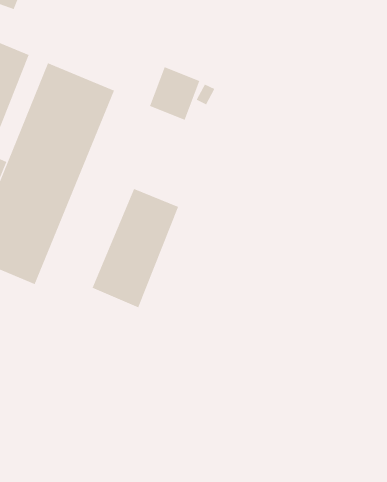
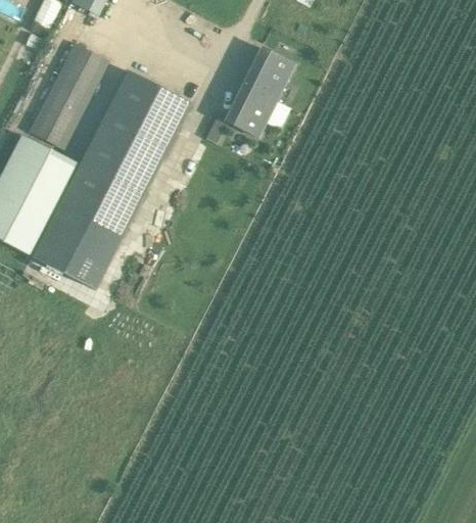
building: none -> [242,46,295,101]
building: [92,188,179,308] -> none

